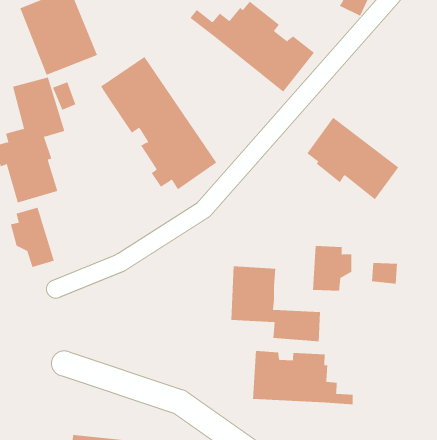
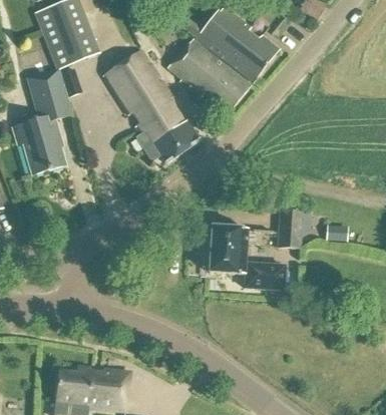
building: [306,117,399,200] -> [172,43,250,112]
building: [10,207,54,268] -> none
building: [253,350,353,405] -> none

